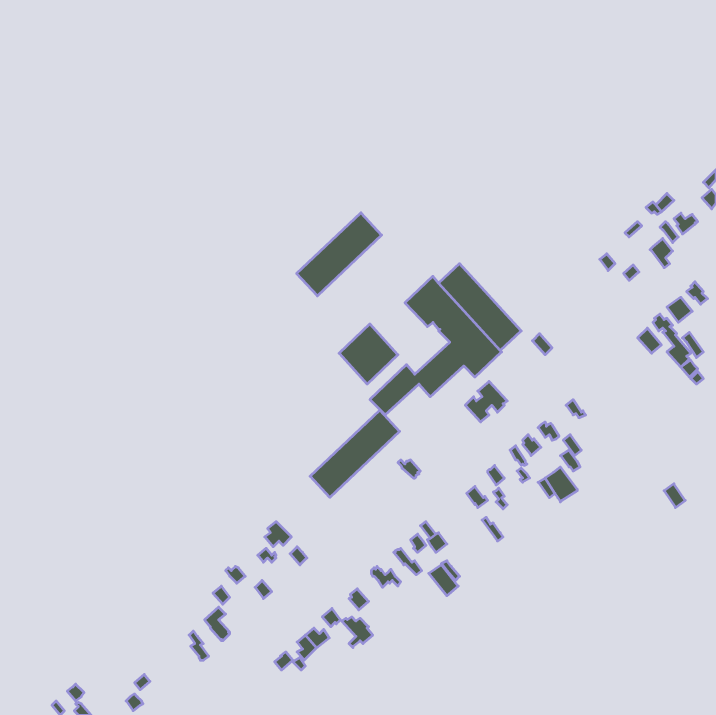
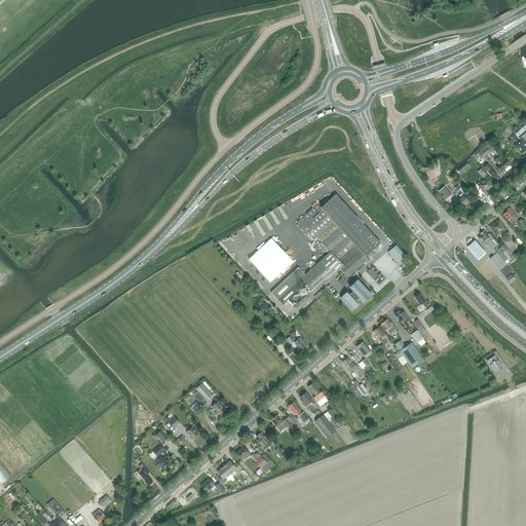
building: [297,213,382,296] -> none
building: [310,410,400,497] -> none

